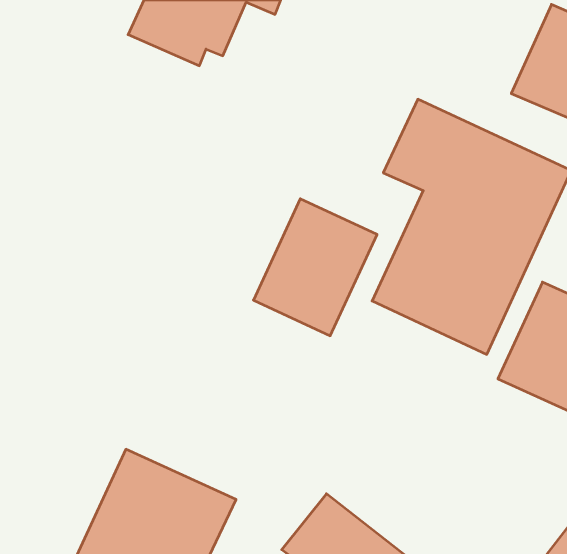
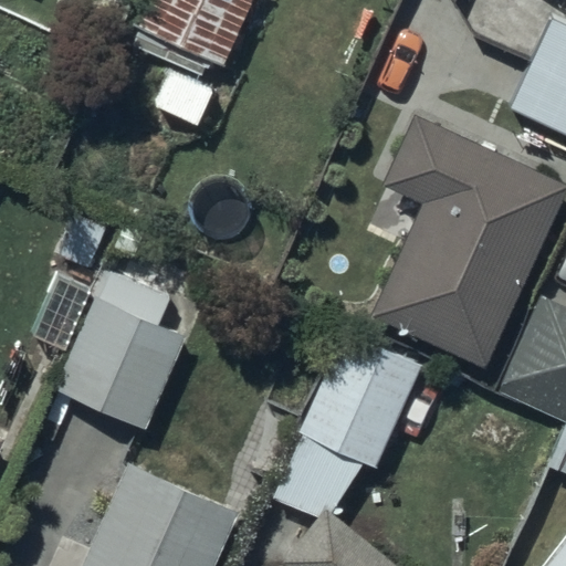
building: [253,199,377,336] -> [300,332,422,468]
building: none -> [54,273,186,431]

